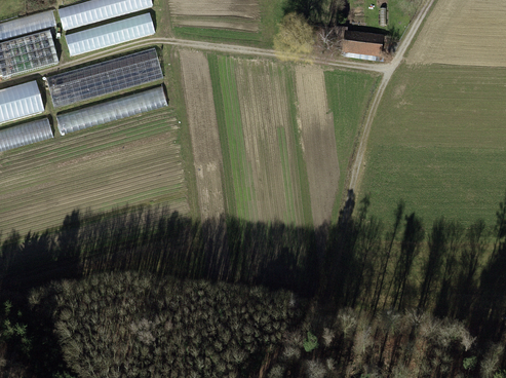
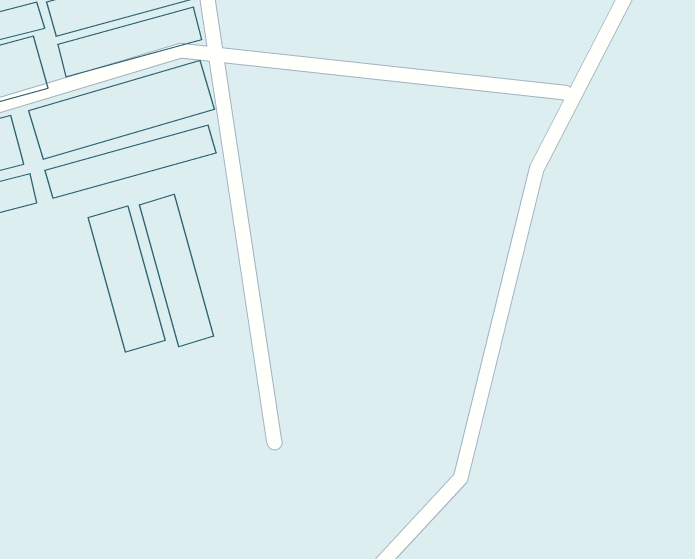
building: [328,26,381,56] -> none
building: none -> [139,194,214,347]
building: none -> [88,206,165,352]

